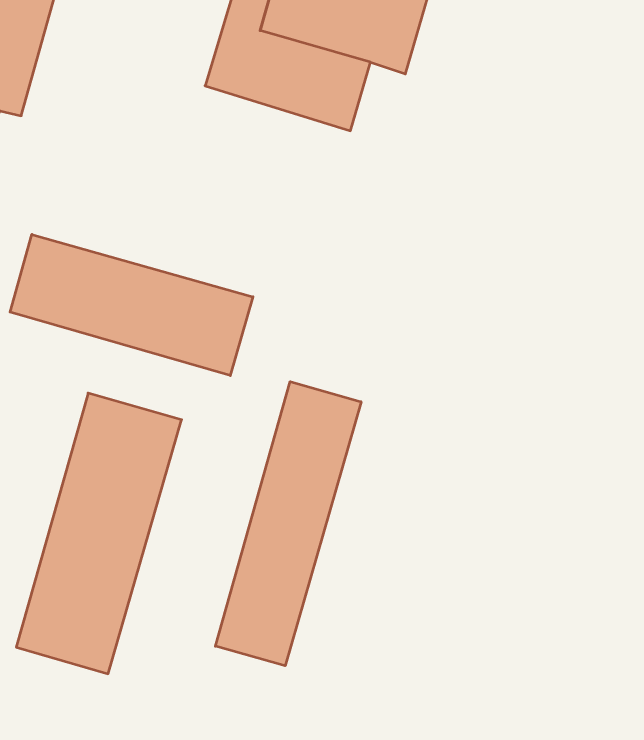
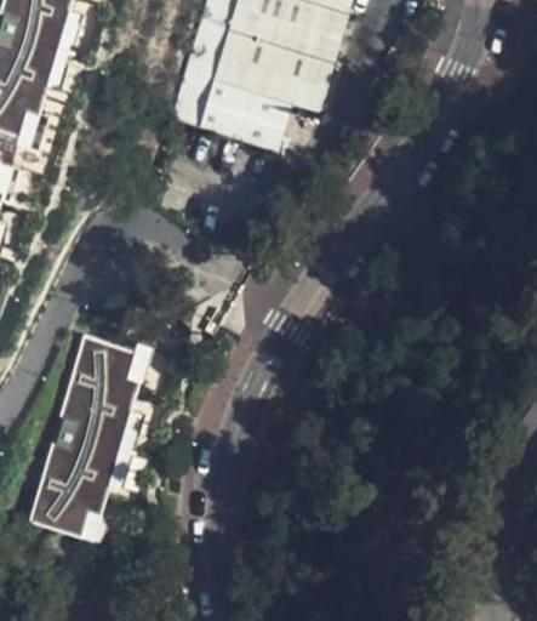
building: [10,234,253,376] -> none
building: [215,382,361,666] -> none

